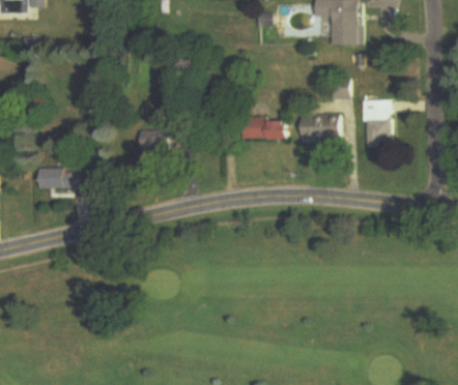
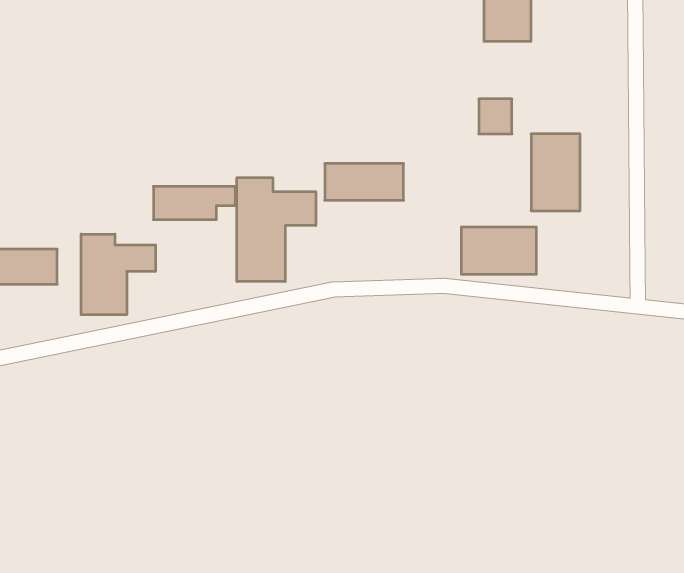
building: [298,114,343,142] -> [461,227,536,274]
building: none -> [237,178,316,282]
building: none -> [81,234,156,315]

